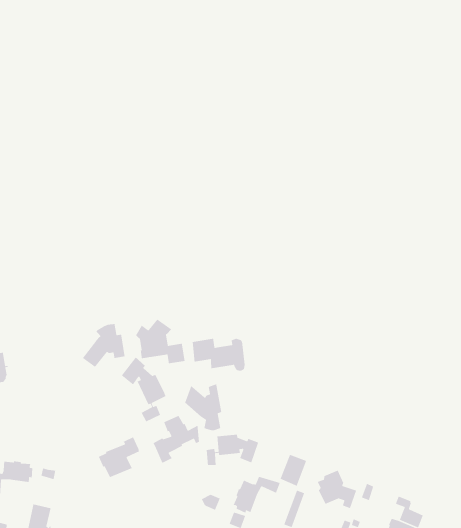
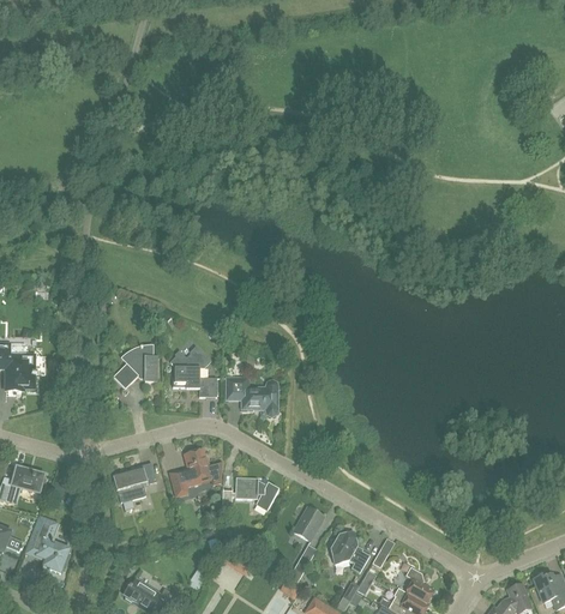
building: [121,356,167,422] -> none
building: [184,383,222,431] -> none
building: [233,476,281,514] -> none

